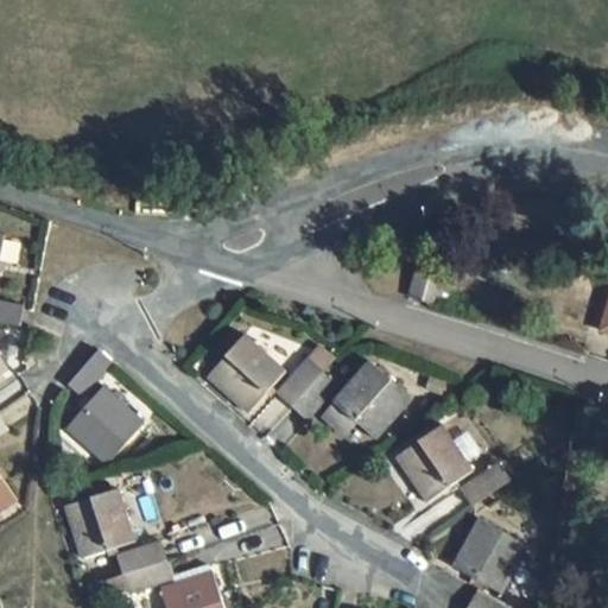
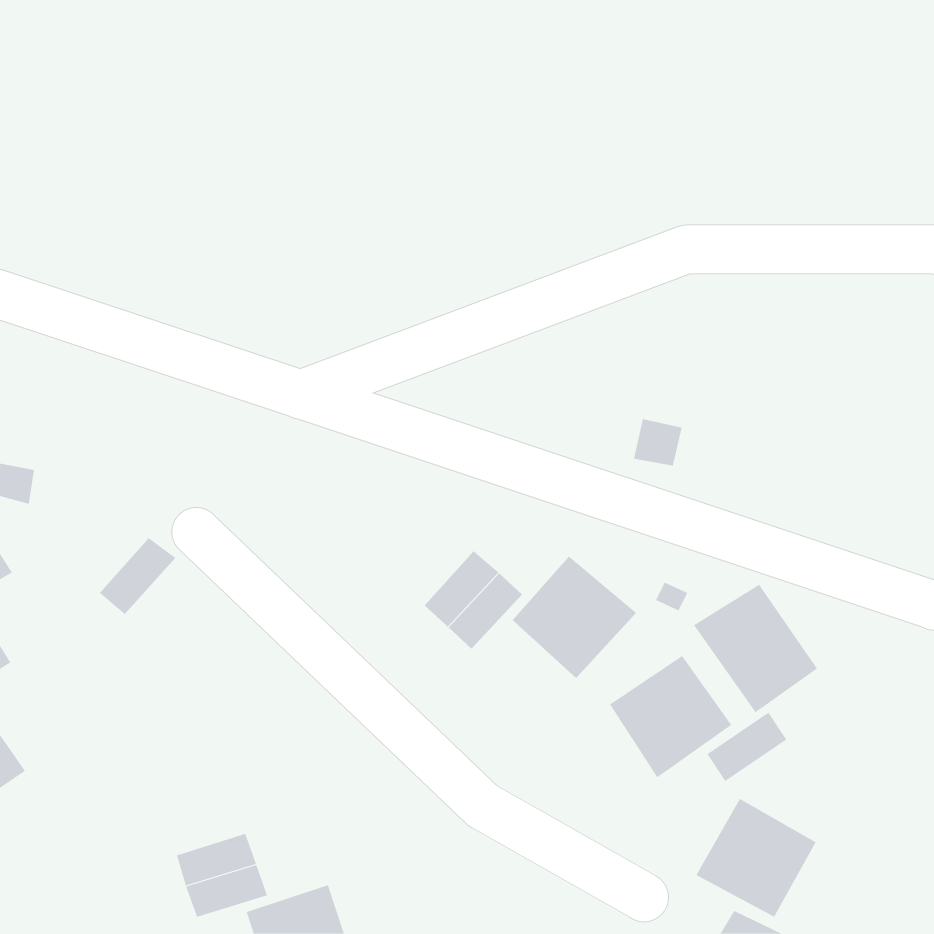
building: [205,334,285,413] -> none
building: none -> [693,584,818,713]
building: [64,385,145,466] -> none
building: [62,488,134,558] -> none

